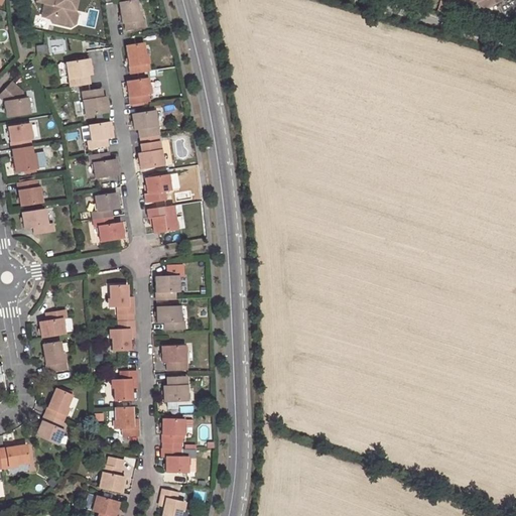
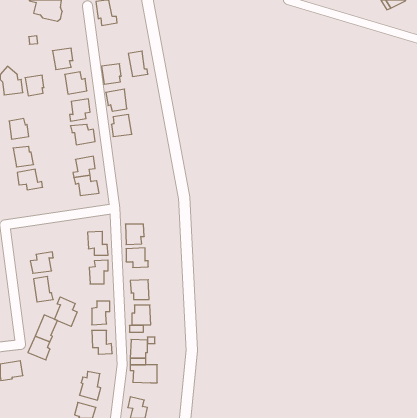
building: [127,42,151,74] -> [128,51,148,76]
building: [9,124,32,149] -> [25,75,44,96]
building: [145,174,170,202] -> none
building: [147,206,177,233] -> none
building: none -> [55,297,77,326]

